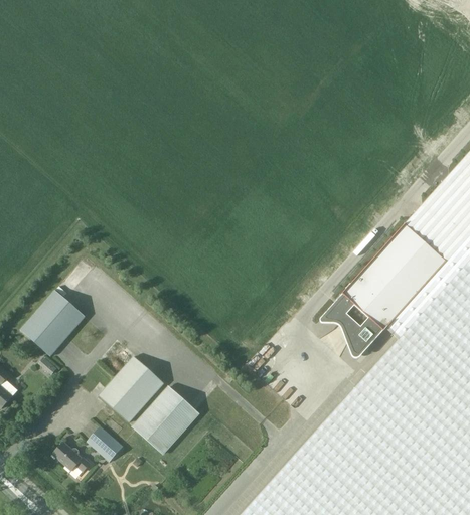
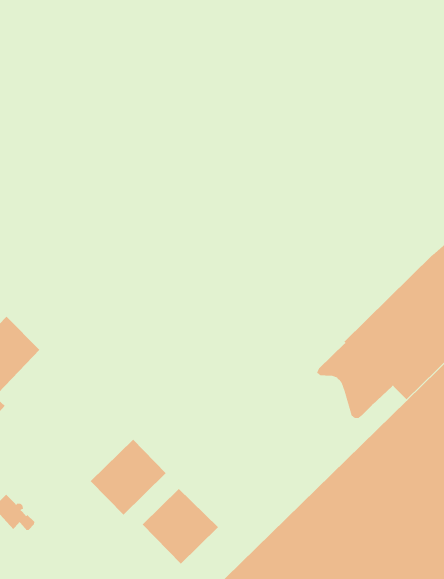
building: [99,357,163,423] -> none
building: [87,427,123,460] -> none
building: none -> [142,488,219,565]

